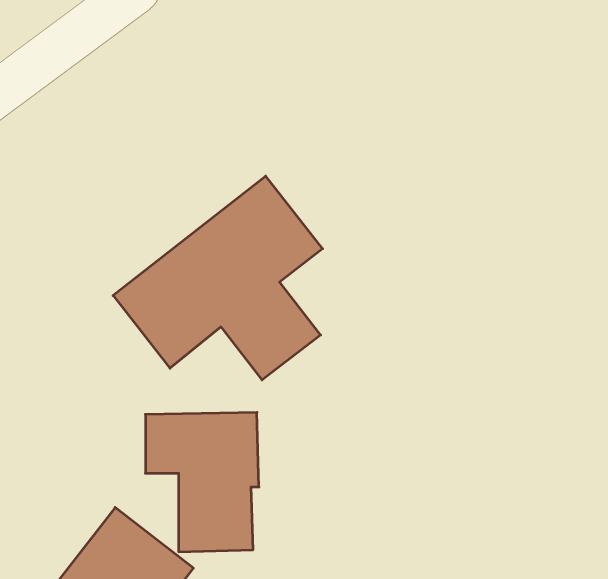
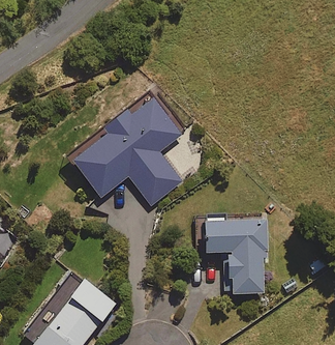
building: [145,412,259,552] -> [207,221,267,294]

